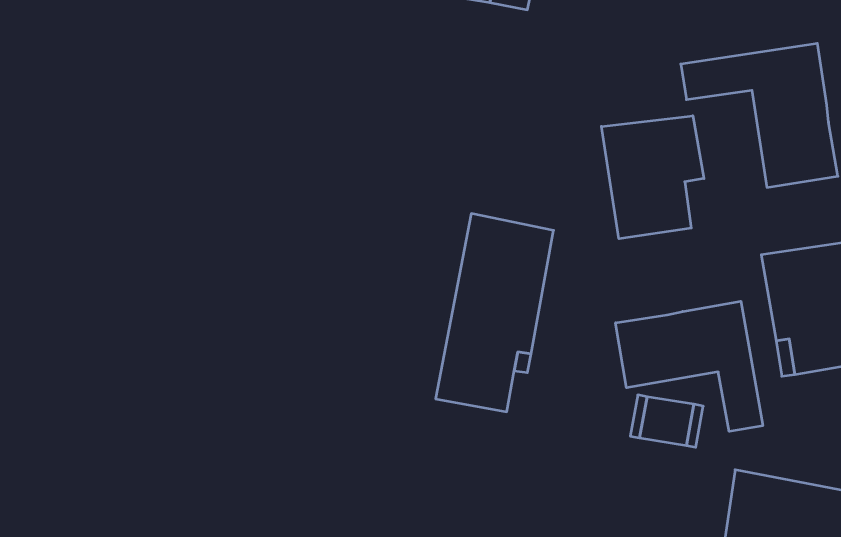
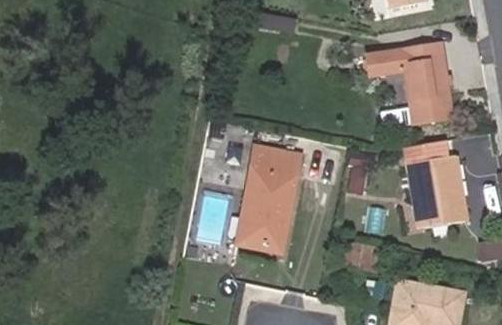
building: [601,116,704,239] -> none
building: [616,301,763,431] -> none

